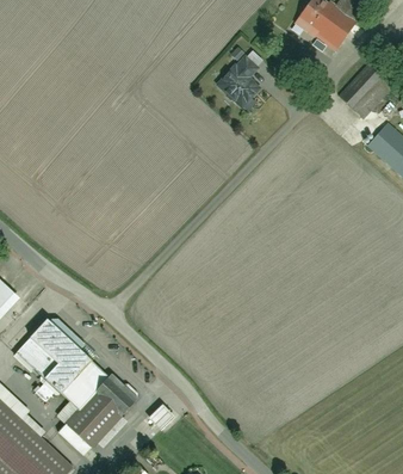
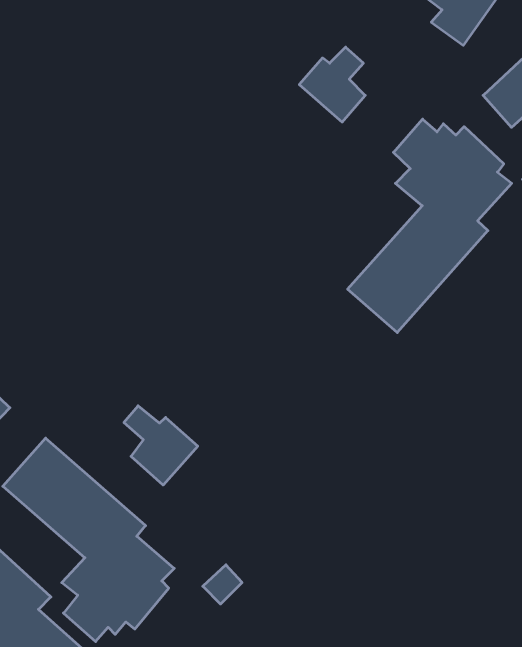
building: none -> [348,119,512,333]
building: none -> [124,406,198,485]

